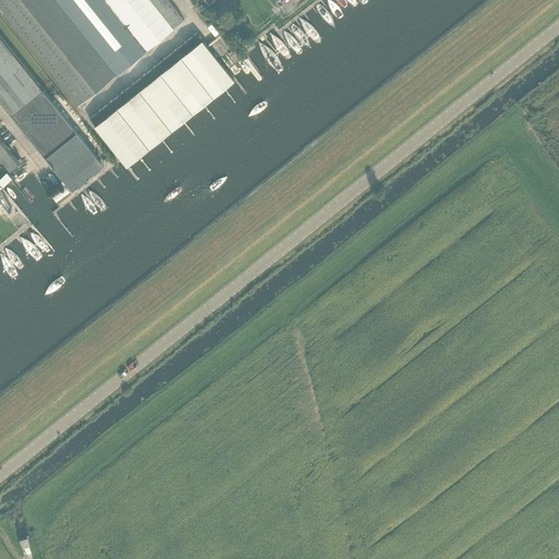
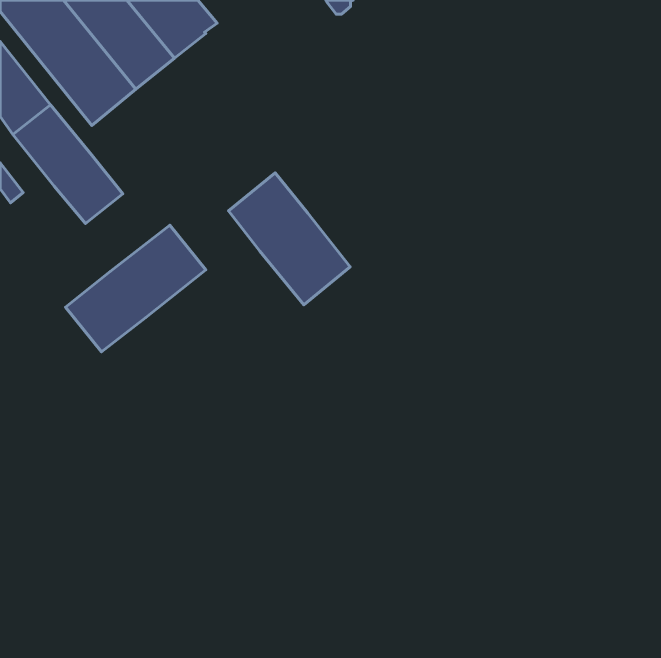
building: [90,35,234,168] -> none
building: none -> [229,173,350,305]
building: none -> [65,225,206,352]

